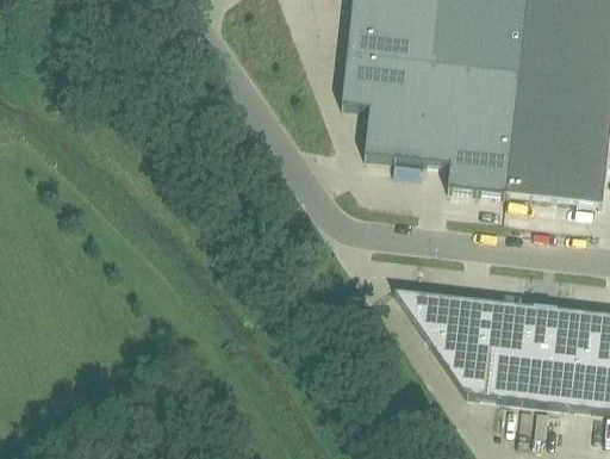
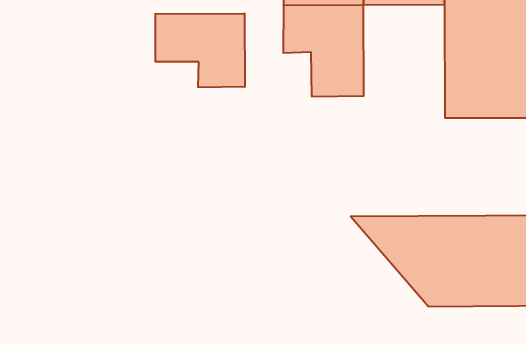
building: none -> [155,13,245,87]
building: [423,63,521,194] -> none

